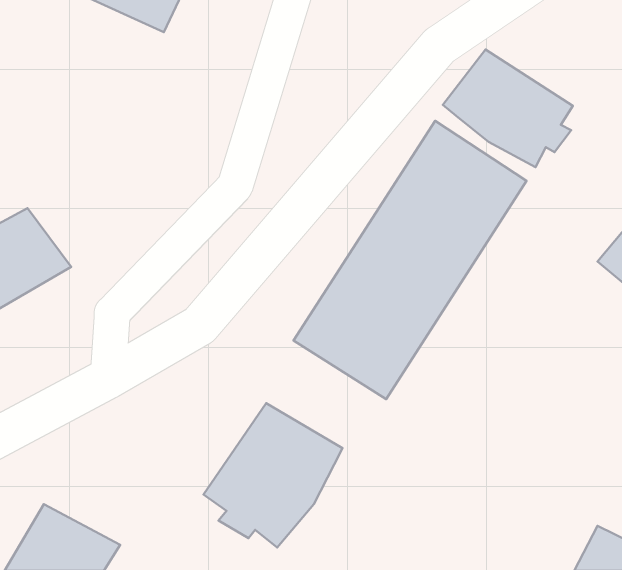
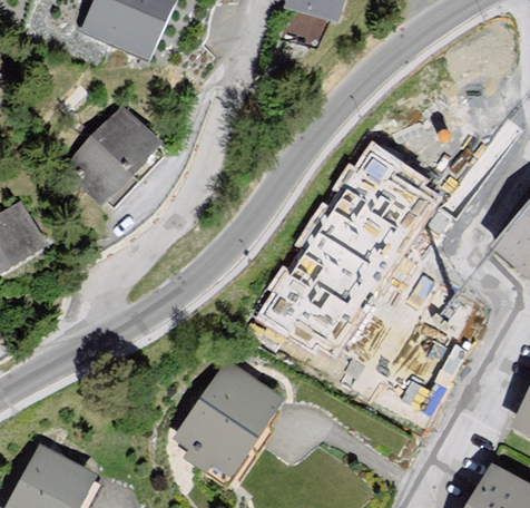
building: [443,49,573,167] -> none
building: none -> [78,111,177,214]

